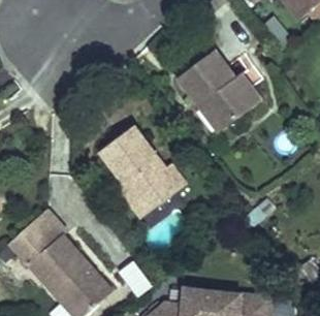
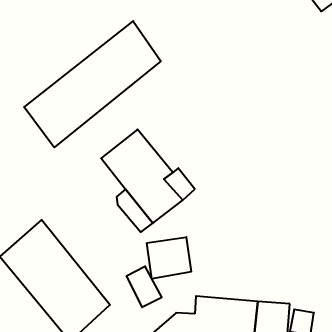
building: none -> [24,21,161,147]
building: [181,50,270,137] -> none
building: none -> [147,237,191,279]

